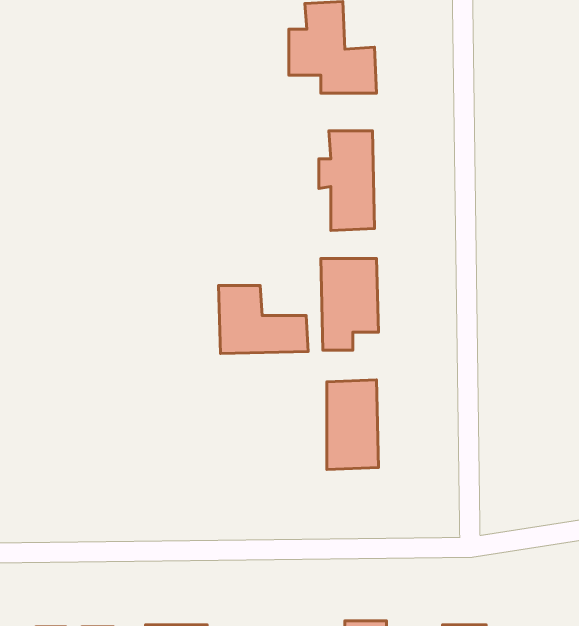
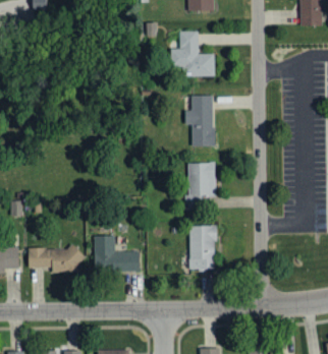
building: [218,286,308,353] -> [94,235,140,270]
building: none -> [28,247,80,273]

